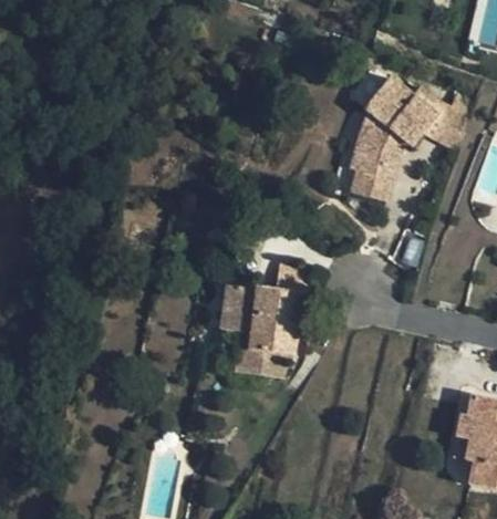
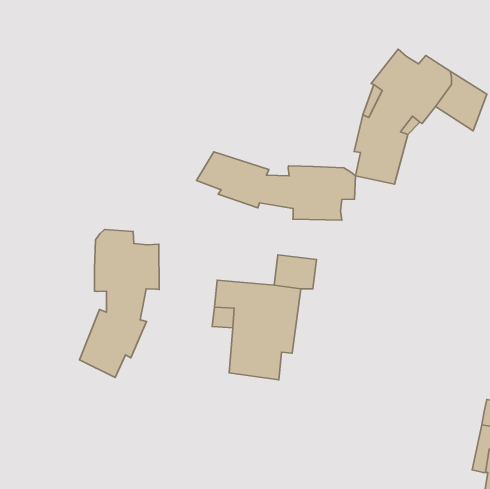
building: none -> [196,152,355,220]
building: none -> [80,229,159,377]

